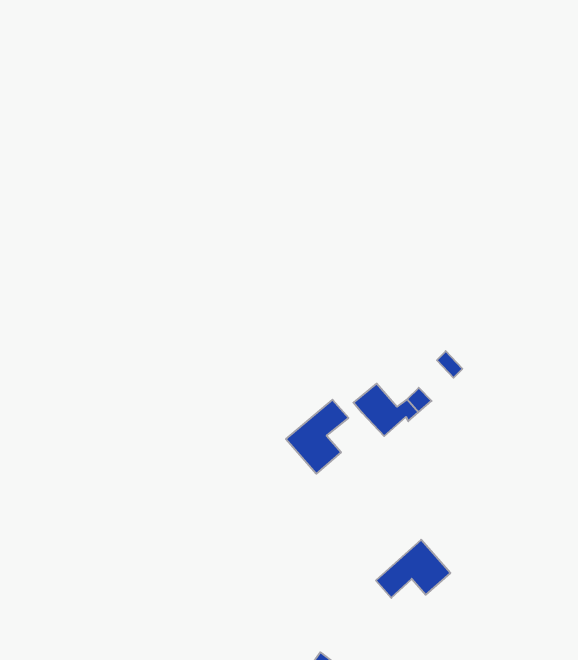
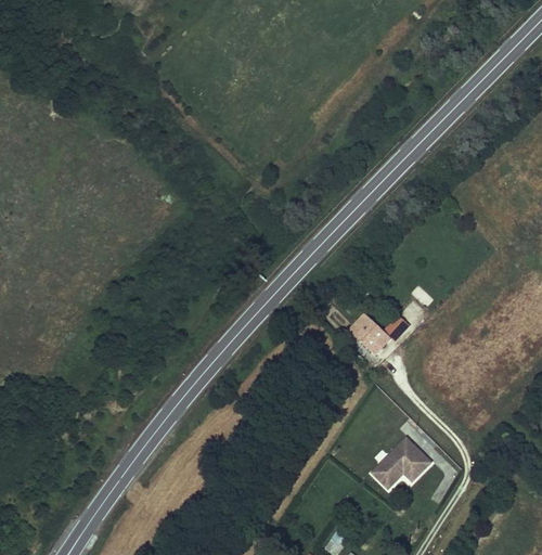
building: [286,400,348,474] -> none

